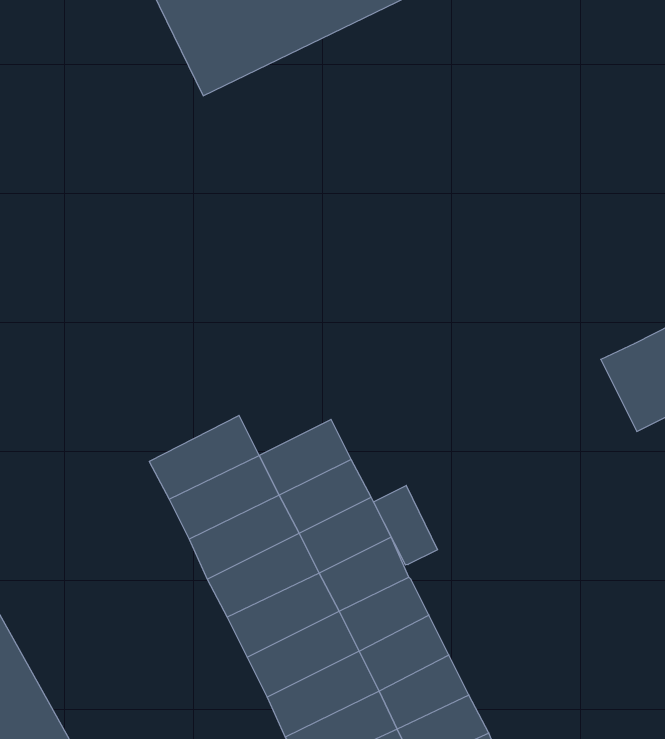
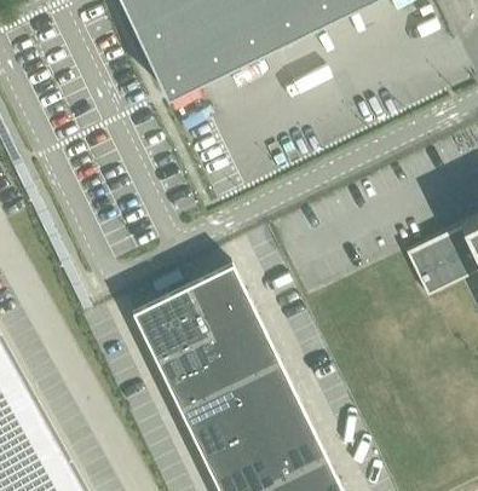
building: none -> [186,266,242,312]
building: [373,485,438,565] -> none

